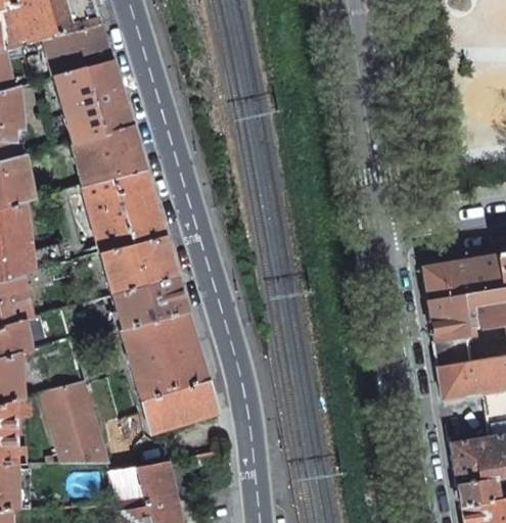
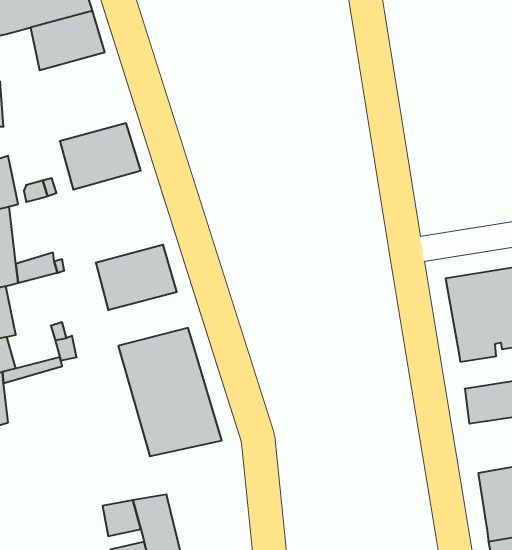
building: [52,61,131,142] -> none
building: [83,169,165,252] -> none
building: [114,279,187,328] -> none
building: [434,337,471,367] -> none
building: [43,381,107,463] -> none

